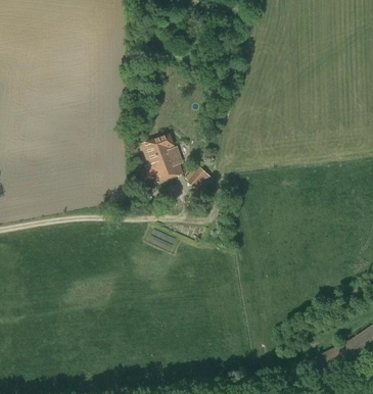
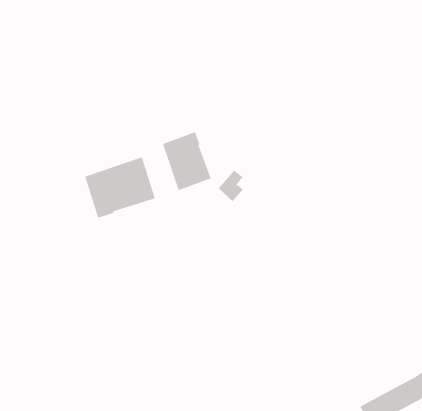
building: none -> [84,156,155,219]

